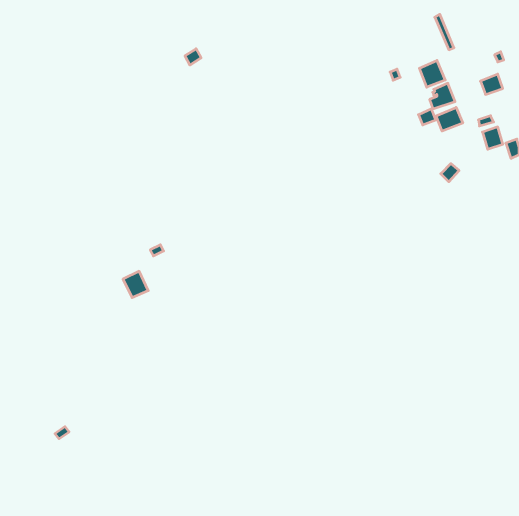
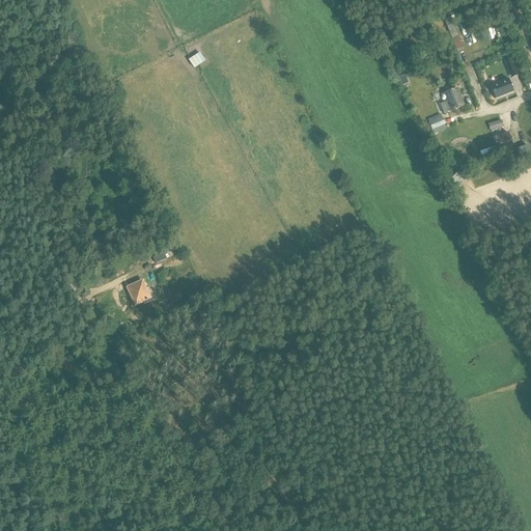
building: [419,60,445,87] -> none
building: [436,107,463,131] -> none

